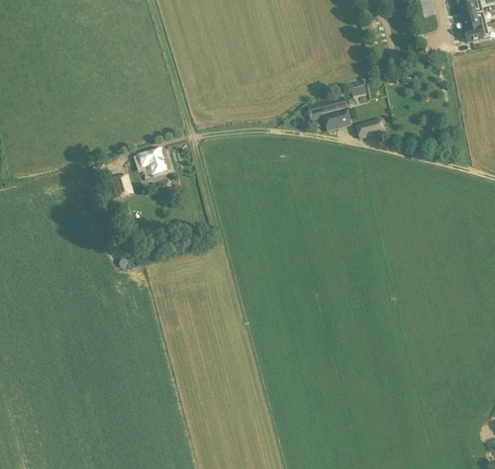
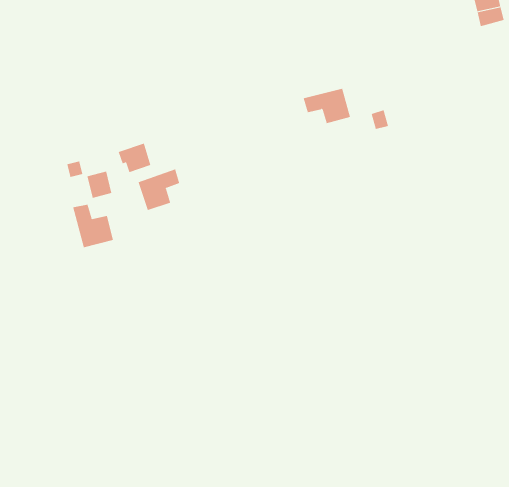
building: none -> [138,169,180,211]
building: none -> [73,204,114,248]

